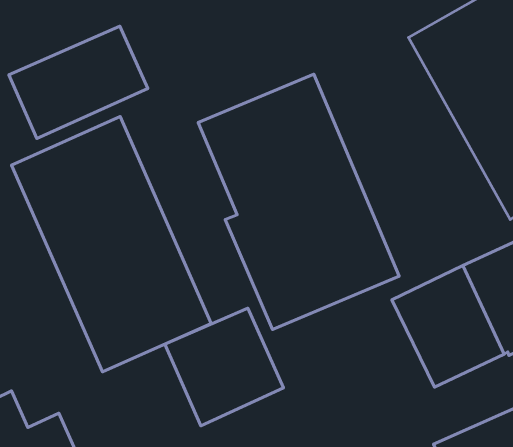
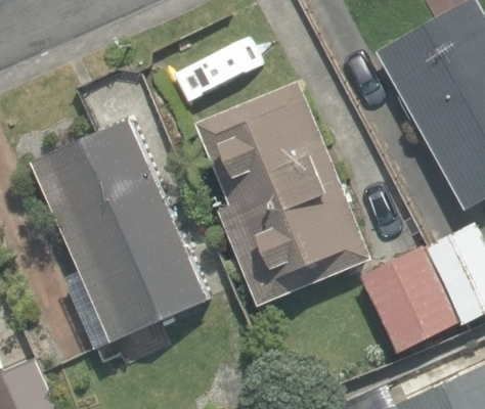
building: [9,26,148,138] -> none
building: [165,308,284,426] -> none

